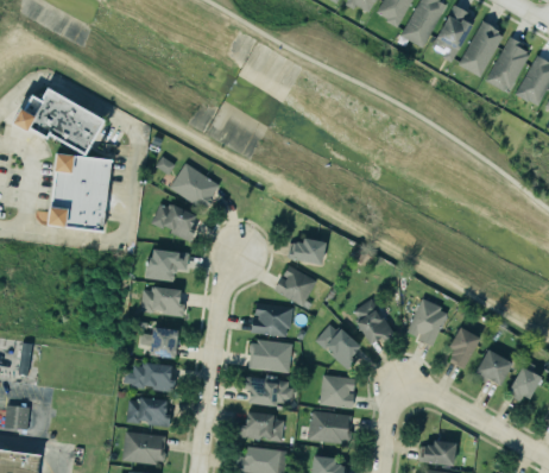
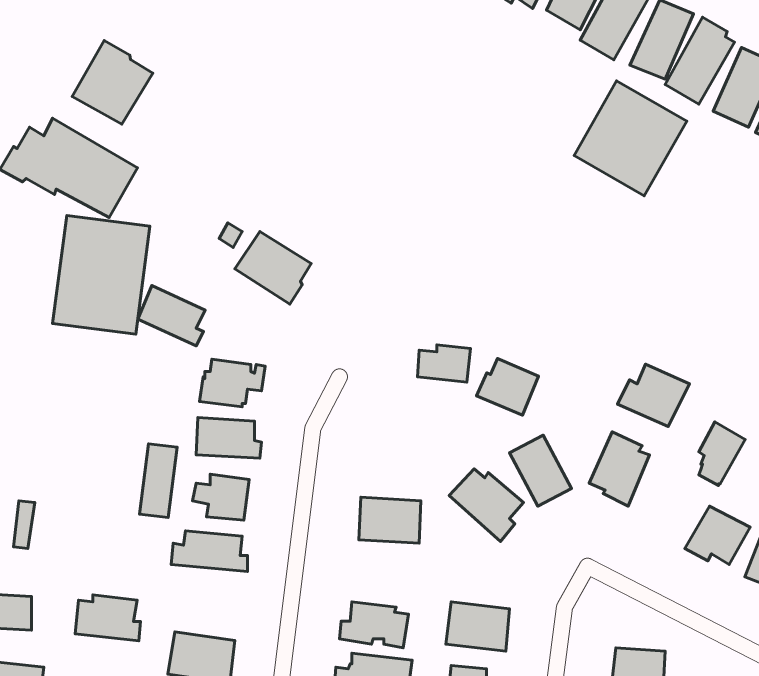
building: none -> [72,40,153,124]
building: none -> [574,81,687,196]
building: [153,201,198,241] -> [138,286,205,346]
building: none -> [618,364,690,426]
building: [276,267,317,305] -> [476,359,538,415]
building: [250,302,295,338] -> none
building: none -> [139,444,177,518]
building: [449,326,480,368] -> [699,422,745,485]
building: [321,374,358,410] -> none
building: [247,377,294,406] -> none
building: [126,396,170,427] -> [75,595,141,641]

